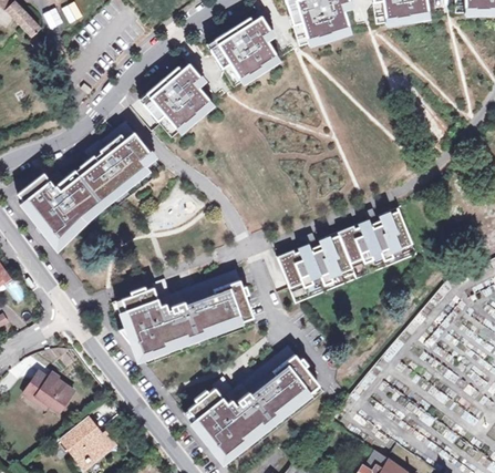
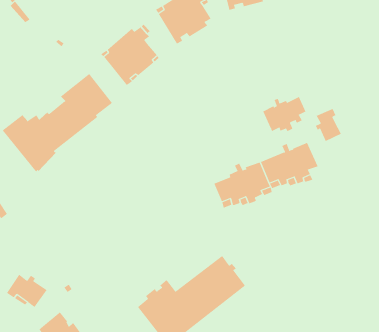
building: none -> [263,96,306,132]
building: none -> [315,108,342,142]
building: [117,273,252,358] -> none

